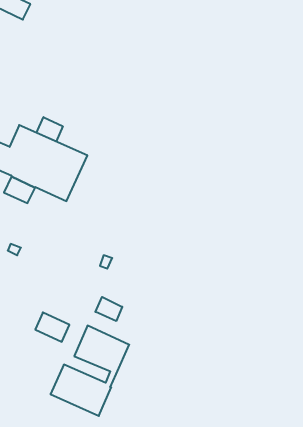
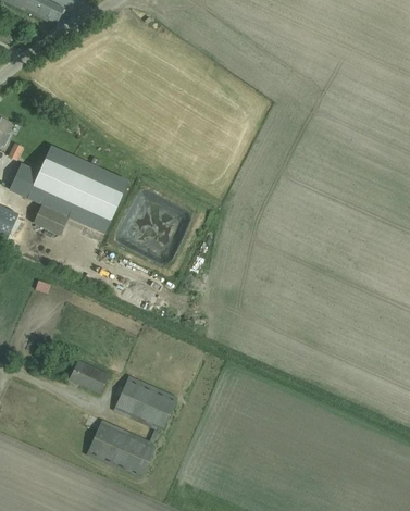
building: [37,117,63,141] -> none
building: [95,297,122,321] -> none

